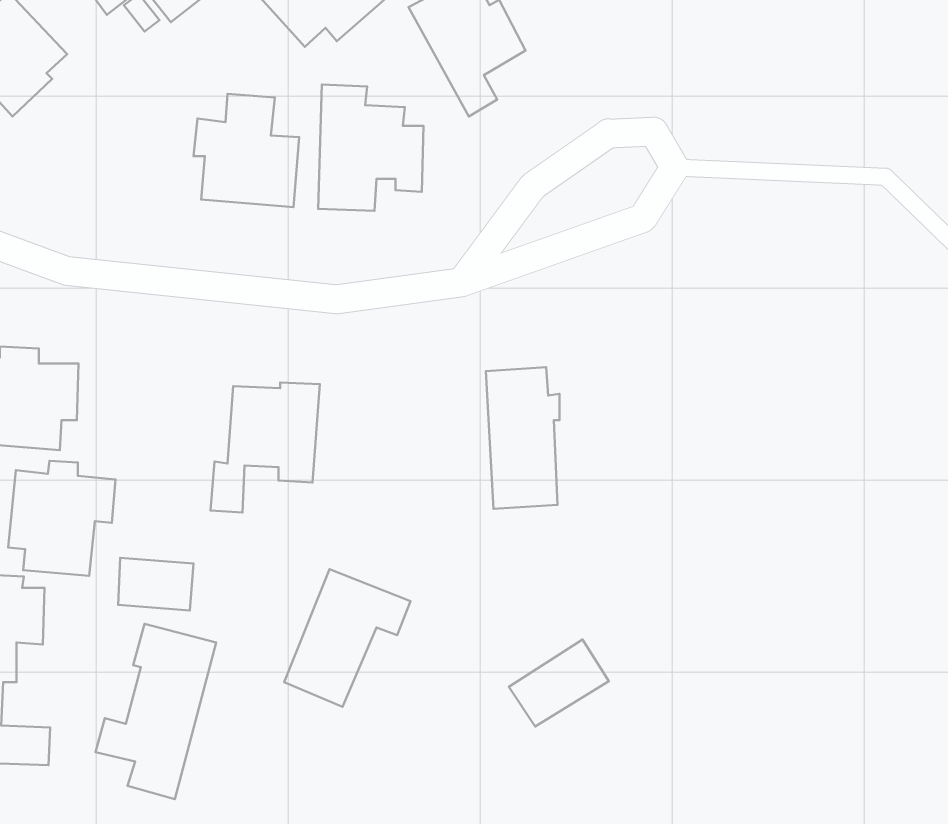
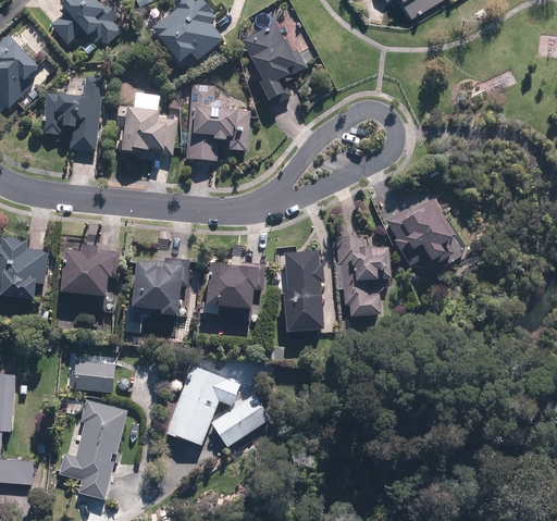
building: none -> [41,76,102,151]
building: none -> [381,199,454,269]
building: none -> [339,234,392,314]
building: none -> [206,261,264,321]
building: [8,461,116,576] -> [59,244,121,310]
building: [509,640,609,726] -> [213,396,271,446]

